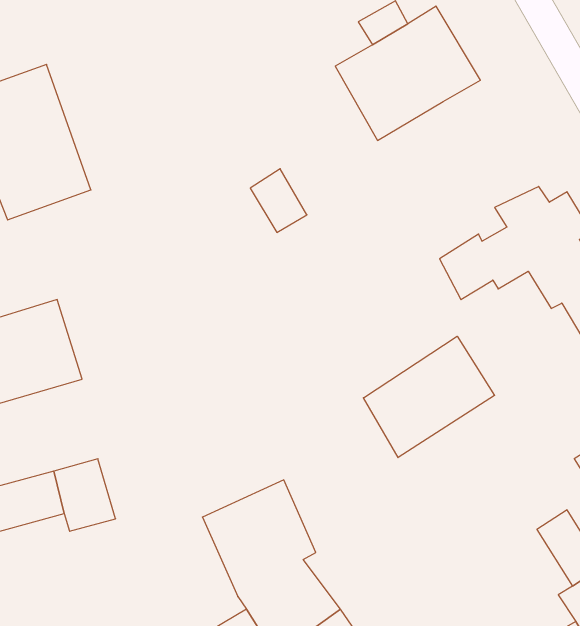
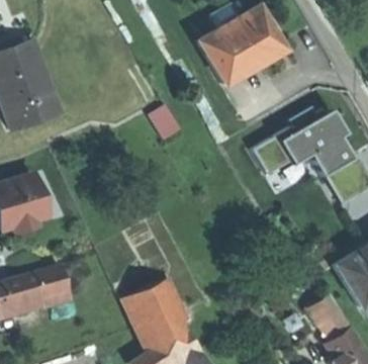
building: [363,336,495,458] -> none

